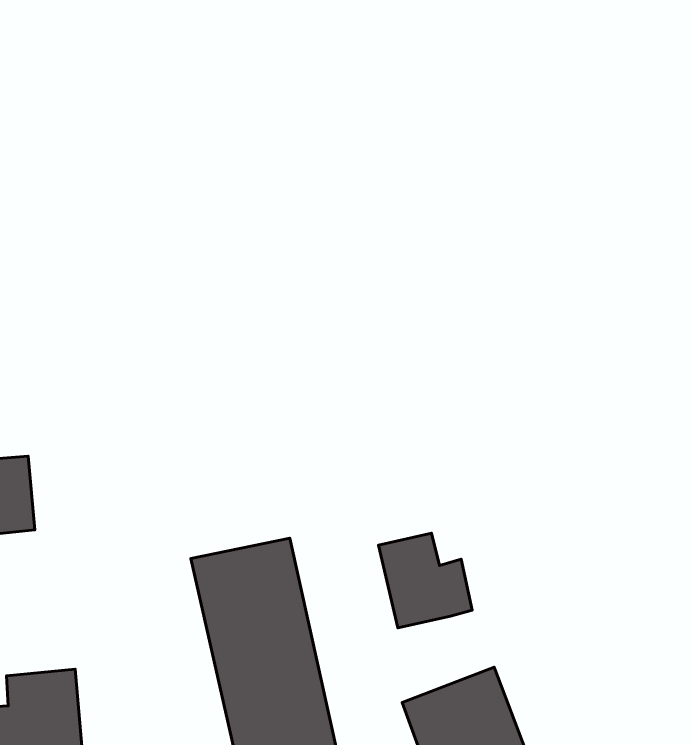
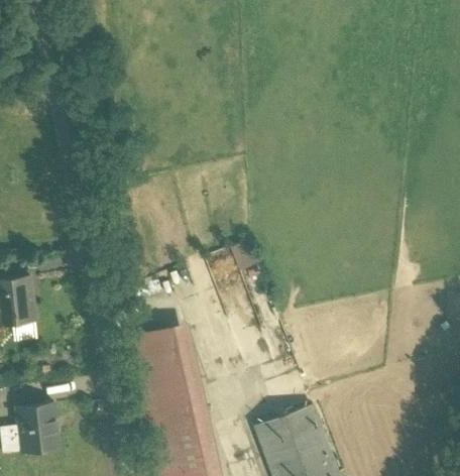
building: [378,533,472,628] -> none

